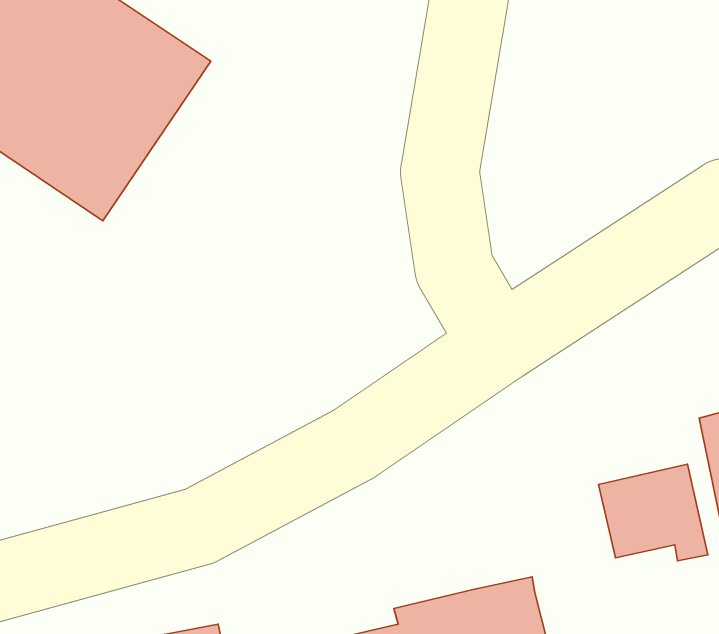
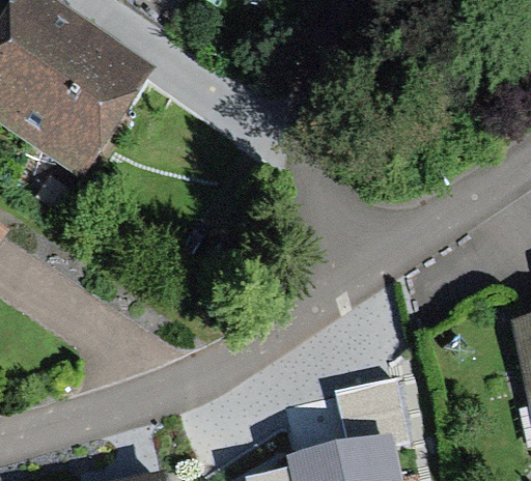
building: [598,464,708,561] -> [334,377,413,447]

